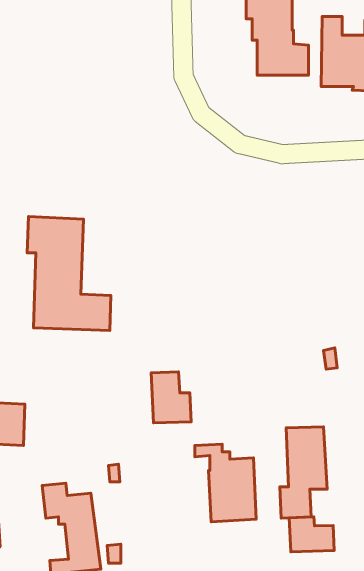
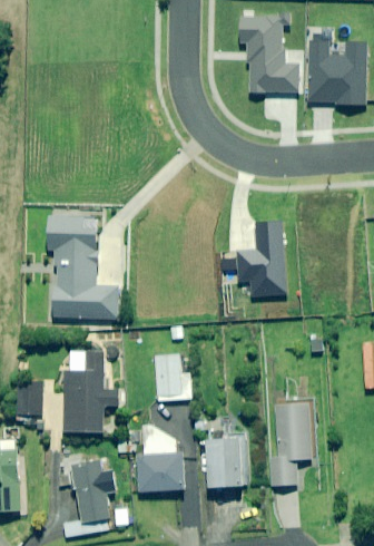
building: none -> [235,221,286,296]
building: none -> [67,348,124,429]
building: none -> [138,421,186,491]
building: [289,517,334,552] -> none

